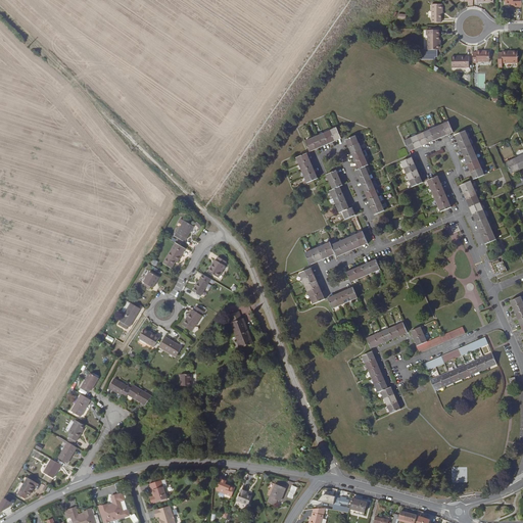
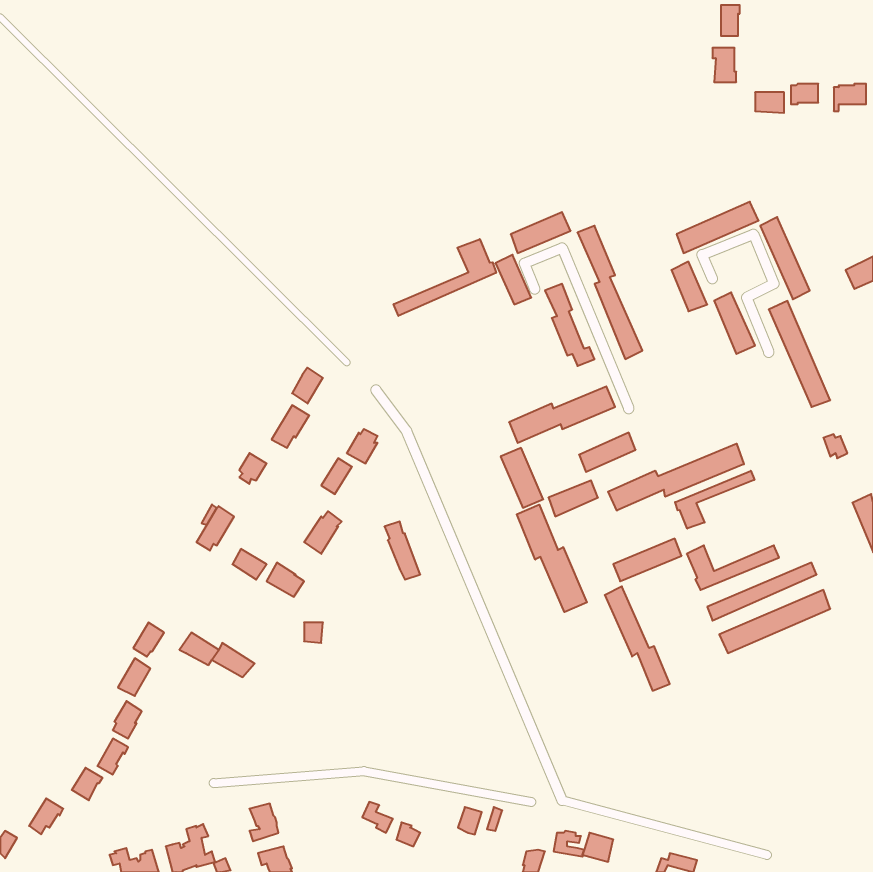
building: none -> [394,239,496,316]
building: none -> [608,444,744,511]
building: none -> [675,471,754,529]
building: none -> [517,505,587,612]

